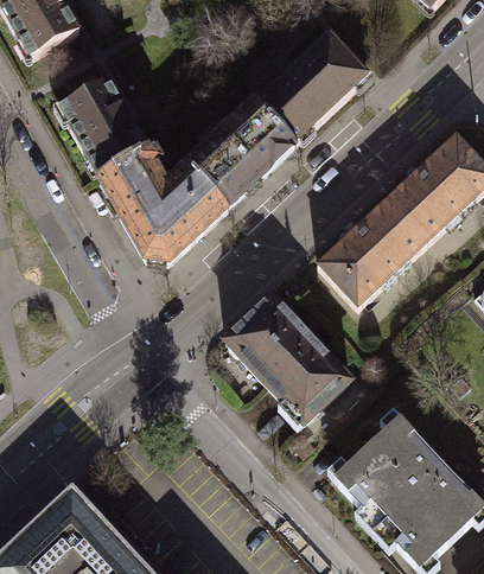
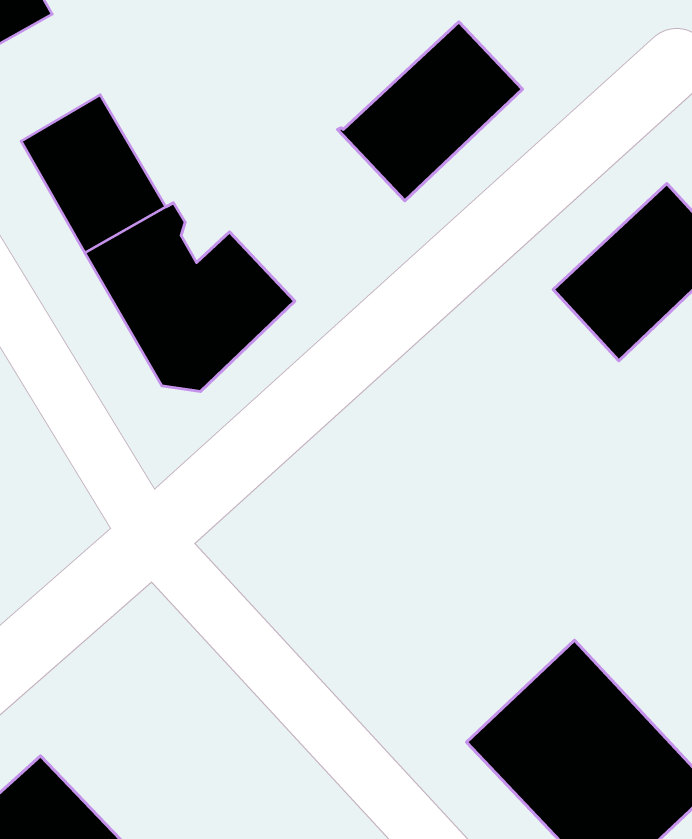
building: [187,98,295,204] -> none
building: [317,197,427,305] -> none
building: [224,293,350,426] -> none

